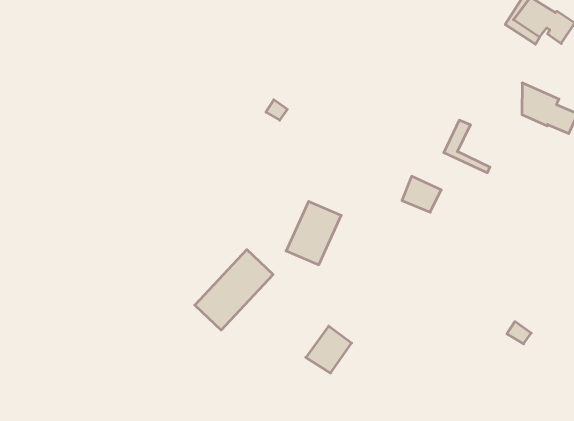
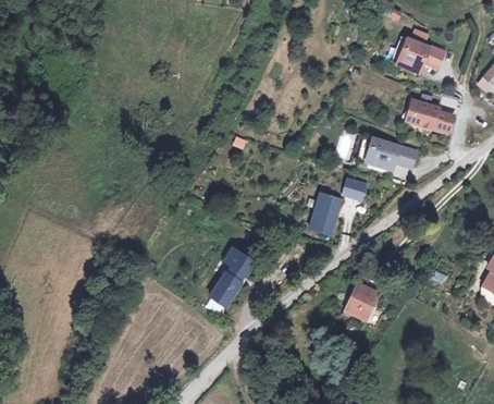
building: none -> [374,135,415,163]
building: [286,201,341,265] -> [306,194,342,238]
building: [306,326,352,373] -> [347,290,379,323]

